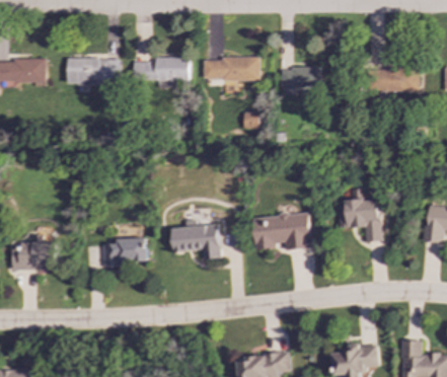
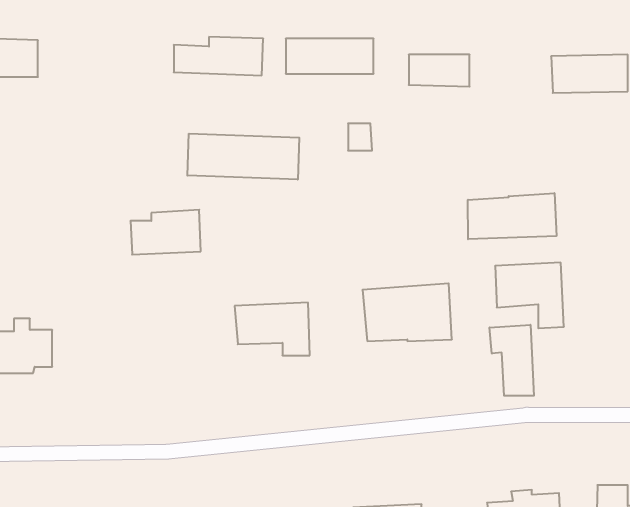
building: [67,56,119,84] -> none
building: none -> [187,134,299,180]
building: none -> [468,193,556,239]
building: [102,237,147,266] -> [130,210,201,255]
building: none -> [490,325,534,396]

